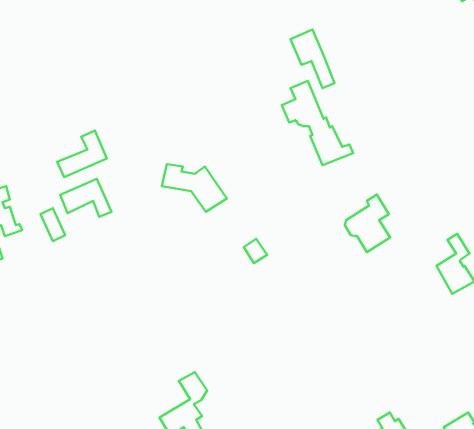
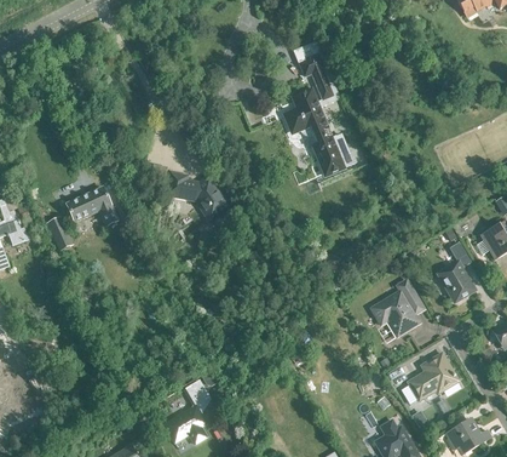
building: [57,130,107,177] -> none
building: [345,195,390,252] -> [375,280,420,337]
building: none -> [408,353,459,401]

